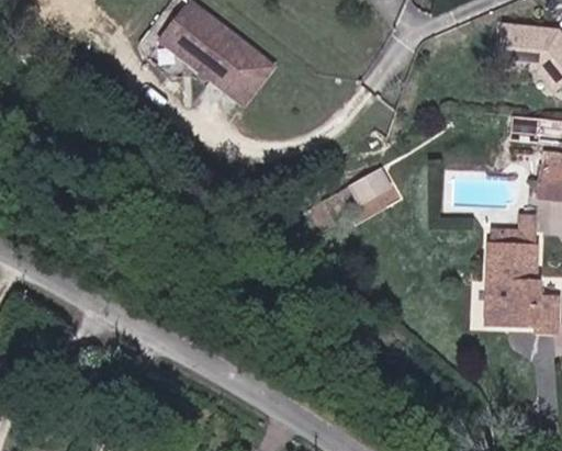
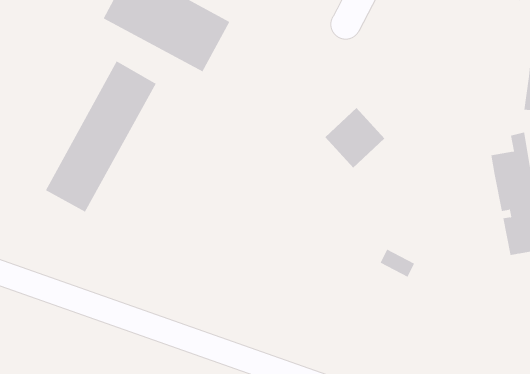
building: none -> [45,61,157,212]

